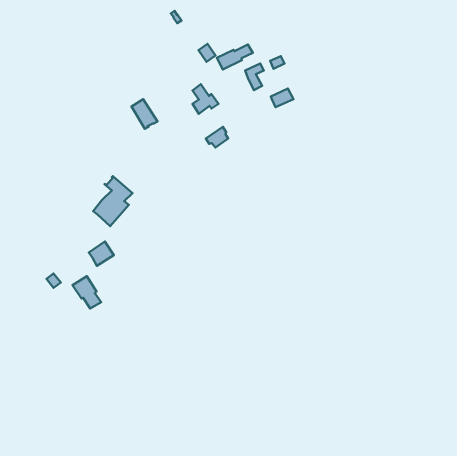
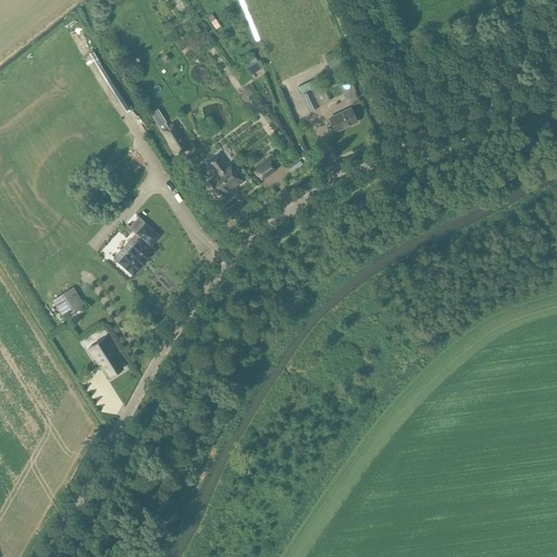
building: [217,44,253,70] -> none
building: [193,84,219,114] -> [210,157,242,193]
building: [89,242,114,266] -> [53,287,84,317]

